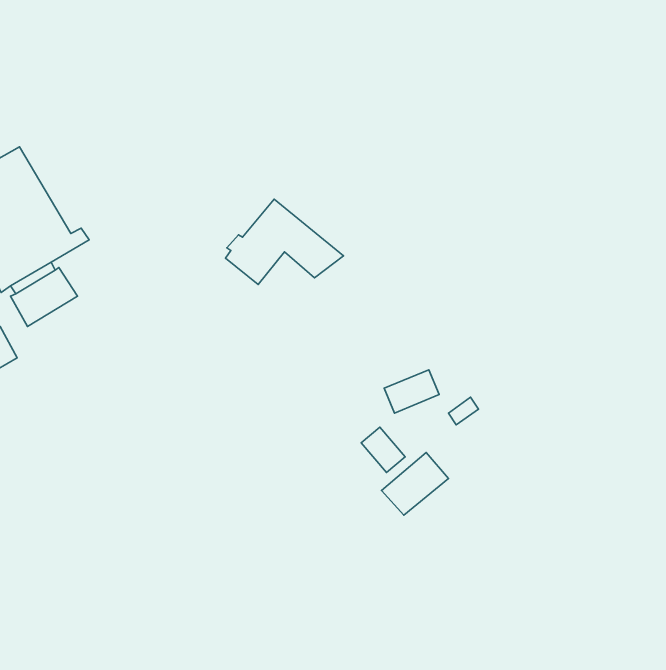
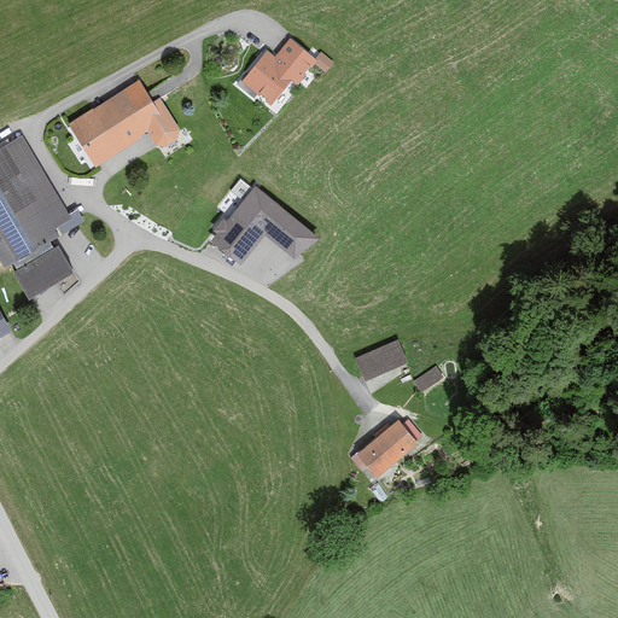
building: none -> [244,39,336,106]
building: none -> [72,80,182,167]
building: [361,427,405,472] -> none

